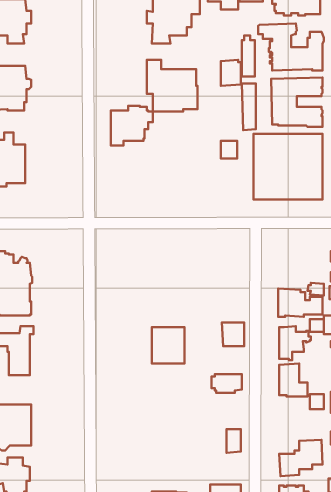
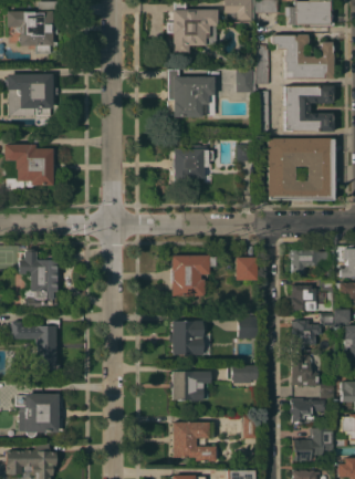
building: [111,106,153,146] -> [173,145,212,183]
building: none -> [290,249,328,274]
building: none -> [170,254,215,295]
building: none -> [236,257,257,280]
building: none -> [171,371,210,402]
building: none -> [291,398,325,423]
building: none -> [173,423,215,461]

